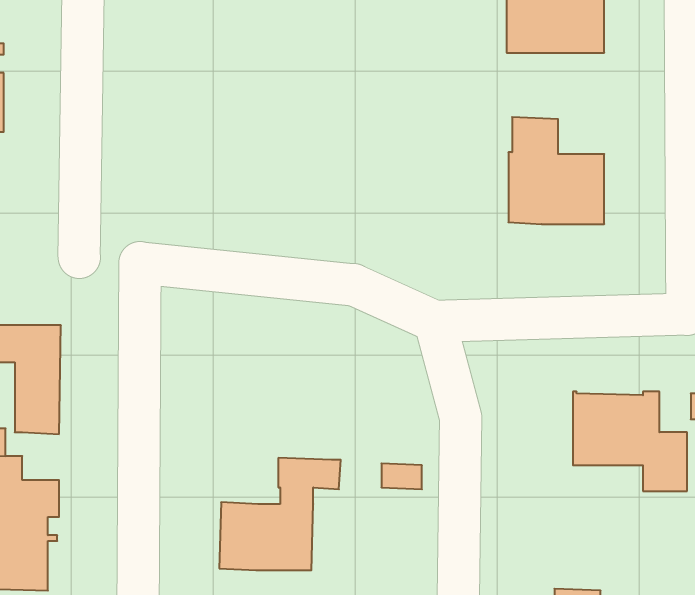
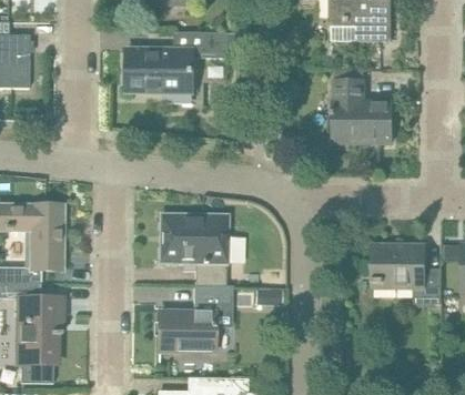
building: none -> [127,31,228,93]
building: none -> [160,214,228,285]

